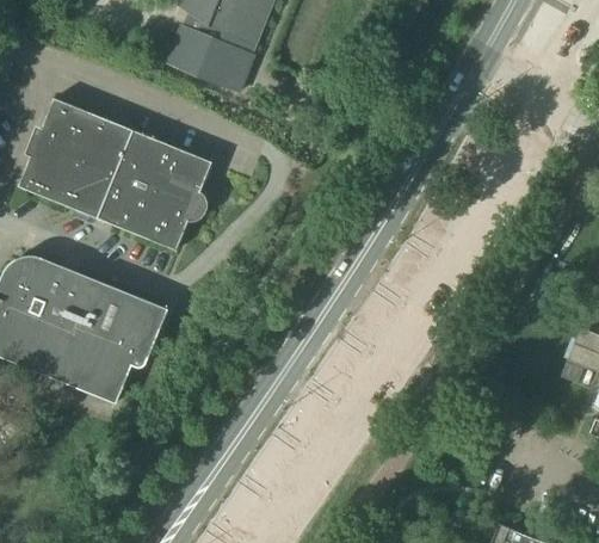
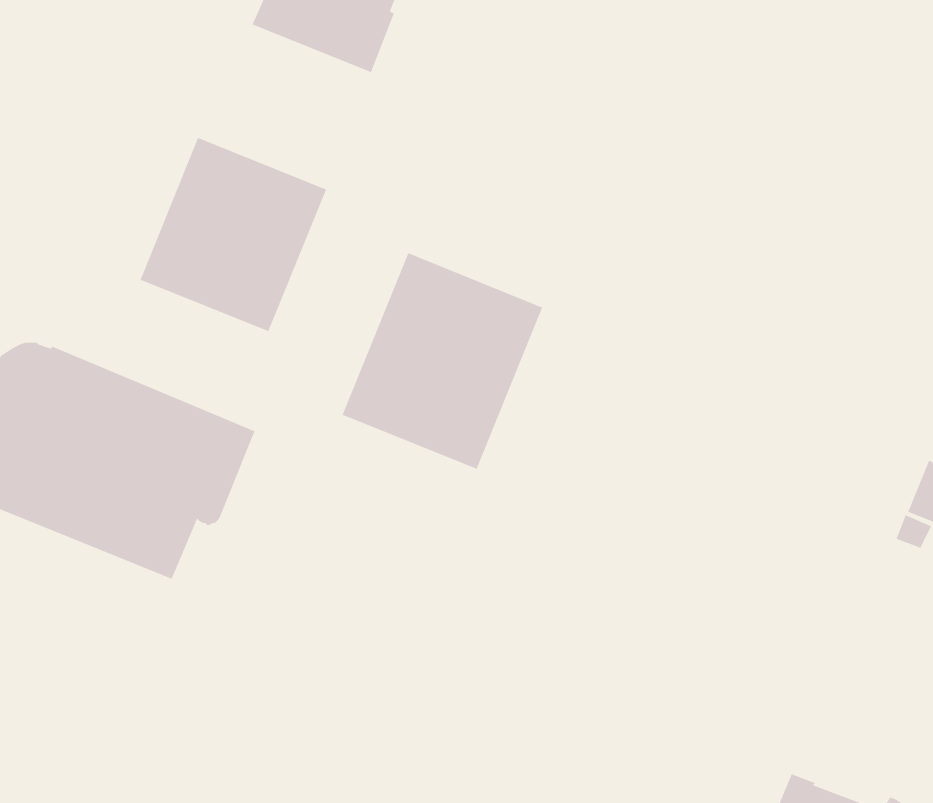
building: [18,97,131,217] -> none
building: none -> [342,252,543,470]

